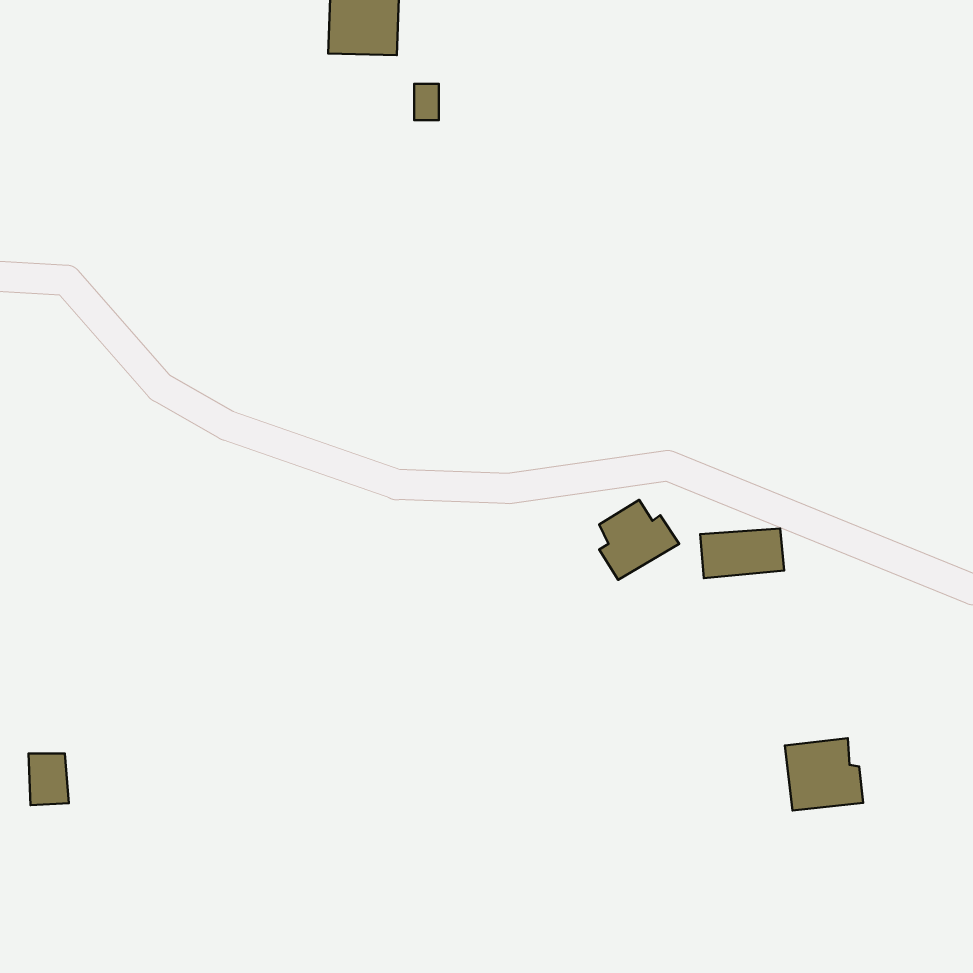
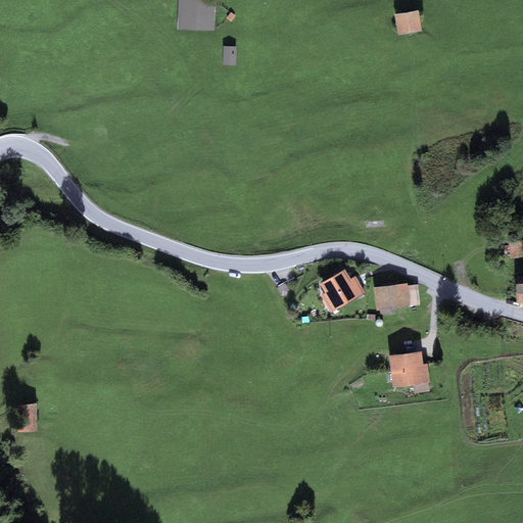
building: none -> [393,9,421,34]
building: [785,738,863,811] -> [388,348,430,387]

